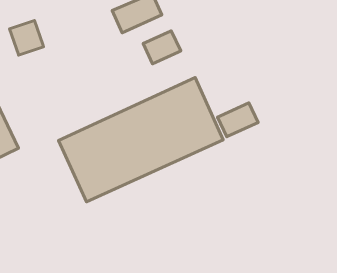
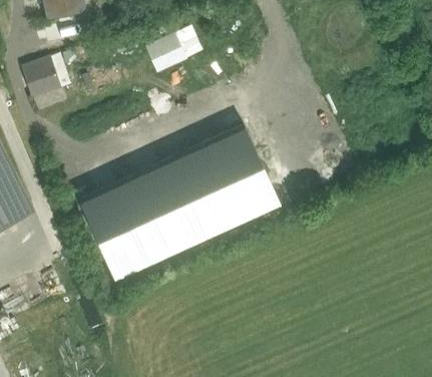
building: [143,31,181,64] -> none
building: [218,103,258,137] -> none

